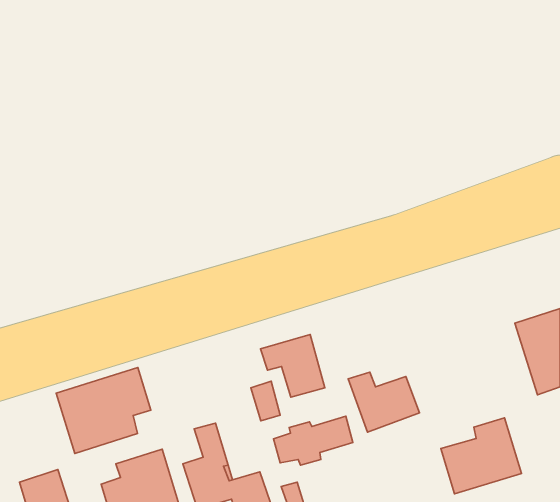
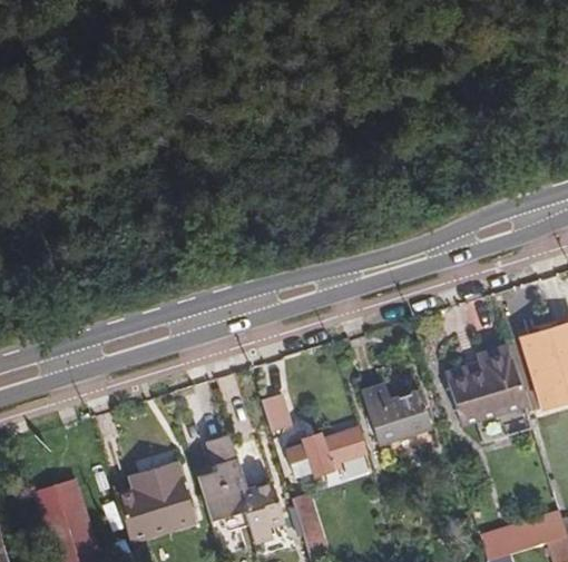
building: [260,335,325,397] -> none
building: [56,368,151,453] -> none
building: [441,418,521,494] -> [447,351,526,425]

